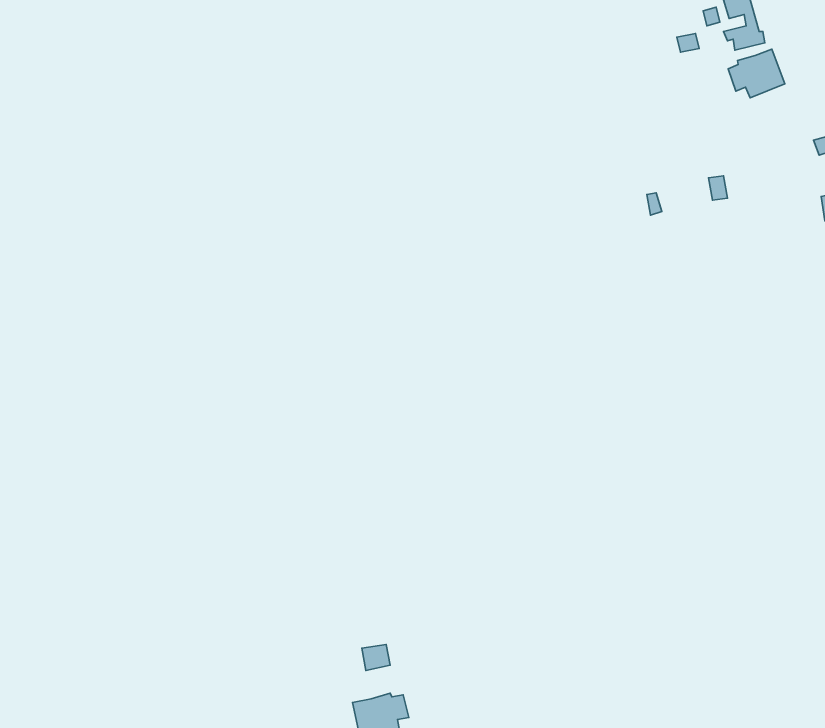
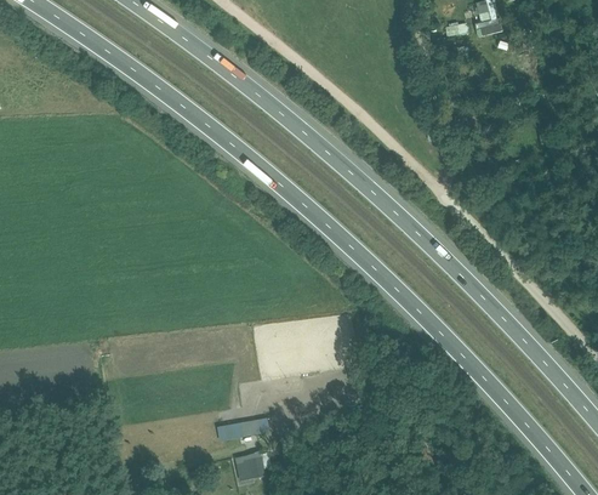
building: [728,49,785,98] -> none

